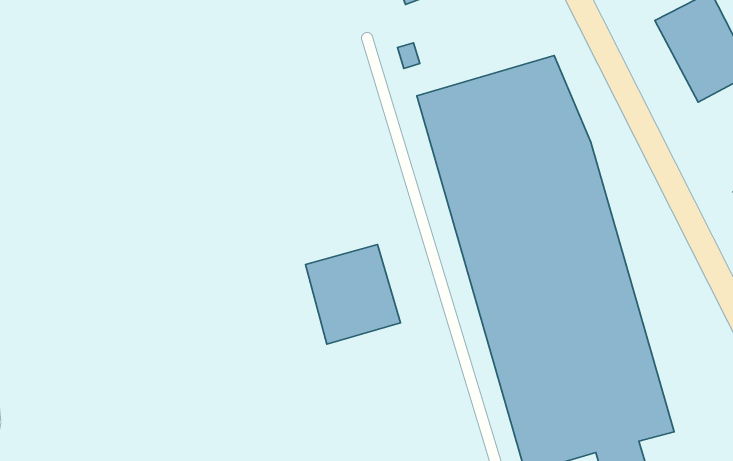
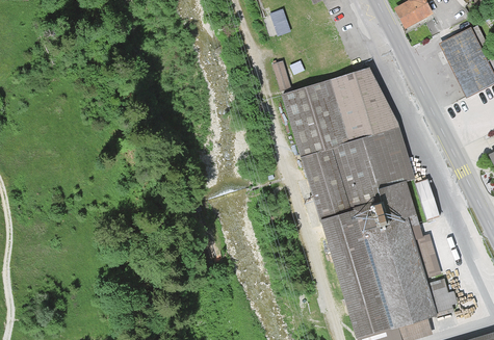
building: [305,244,400,344] -> none

